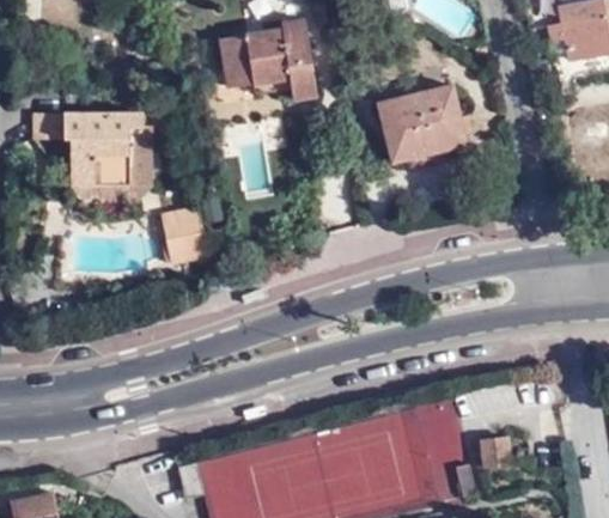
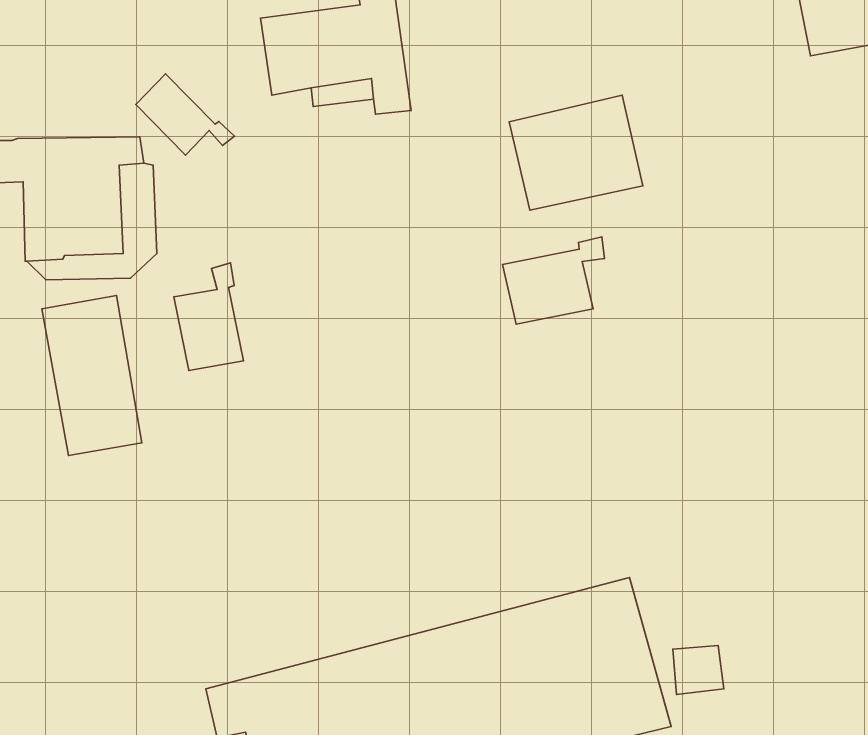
building: none -> [136,74,235,155]
building: none -> [502,237,604,324]
building: none -> [42,296,142,456]

